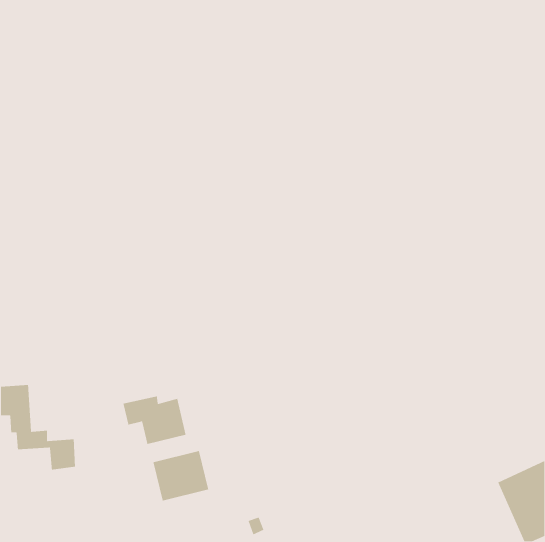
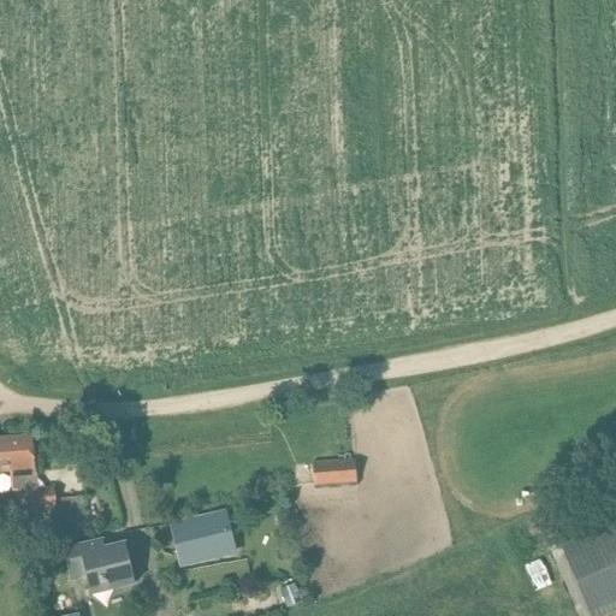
building: [122,396,186,445] -> [63,538,135,593]
building: none -> [312,457,356,485]

